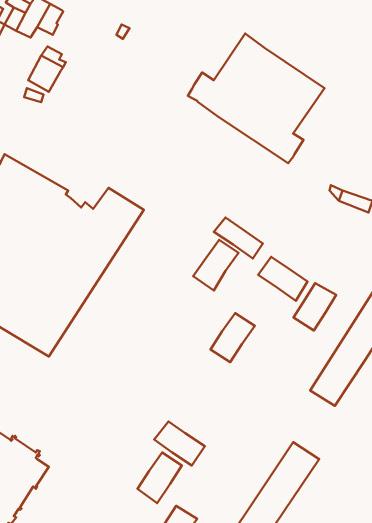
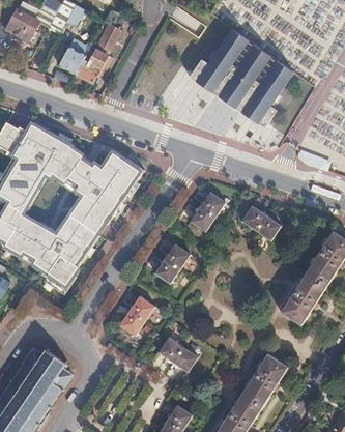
building: none -> [74,23,119,82]
building: [214,218,263,258] -> none
building: [293,283,336,331] -> none
building: [211,313,255,362] -> [154,243,190,283]
building: [138,453,182,503] -> [119,295,154,336]

